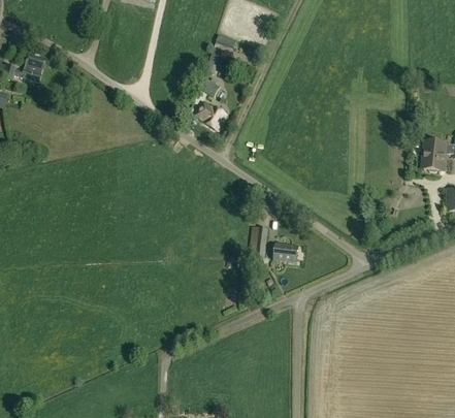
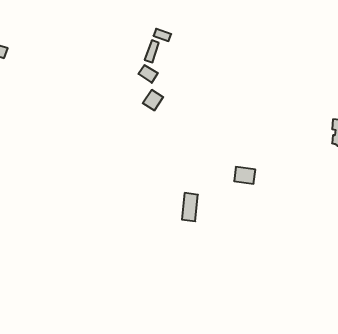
building: [272,243,297,262] -> [234,167,255,184]

